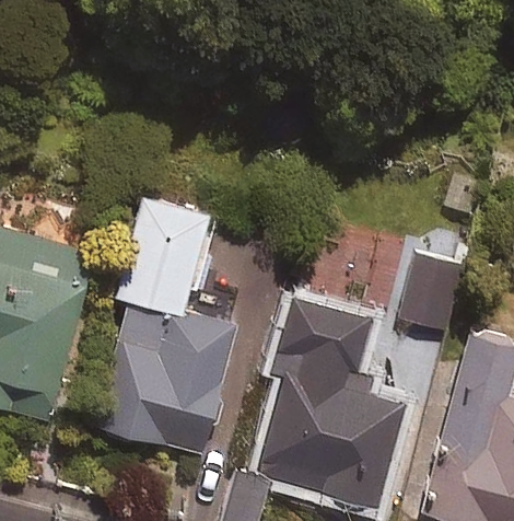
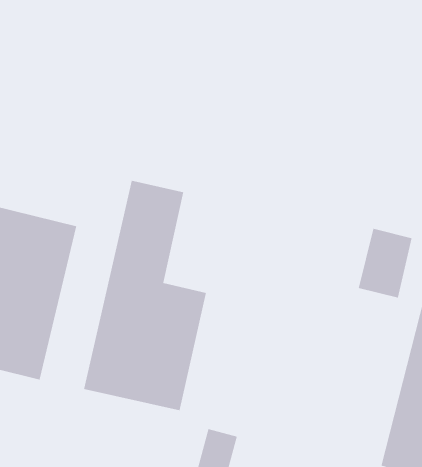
building: [258,299,402,505] -> none

